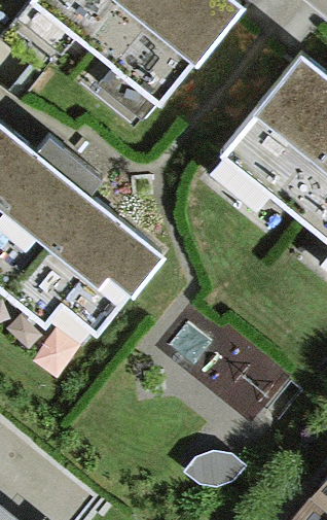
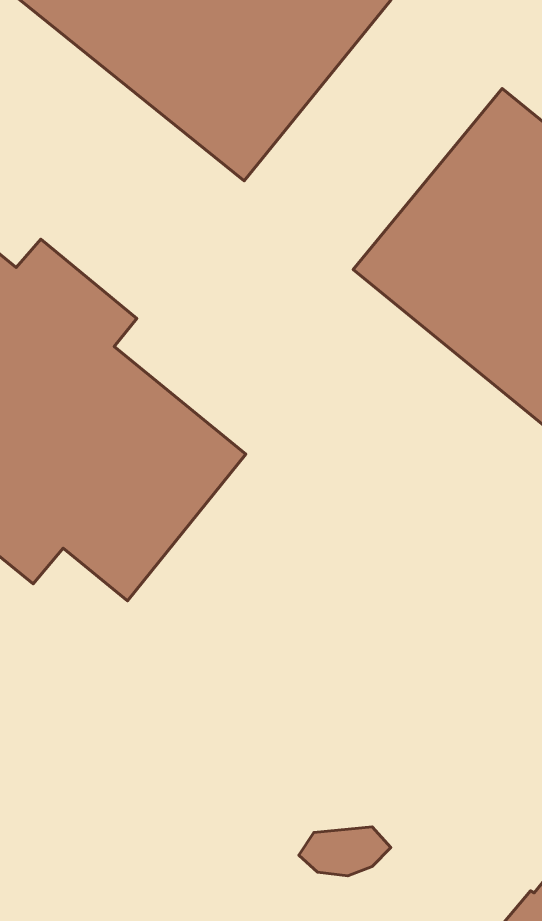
building: [171,313,295,417] -> none

